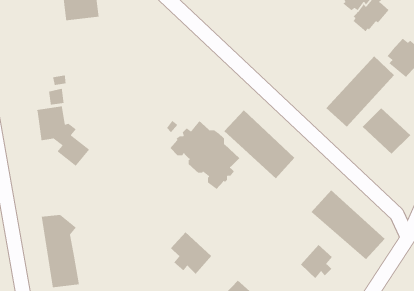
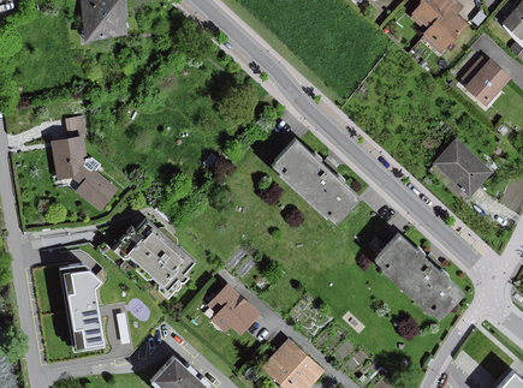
building: [325,56,395,128] -> none
building: [169,120,240,190] -> [111,216,194,298]
building: [300,244,333,279] -> none

